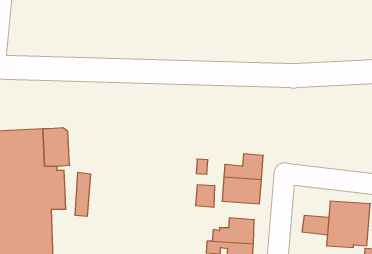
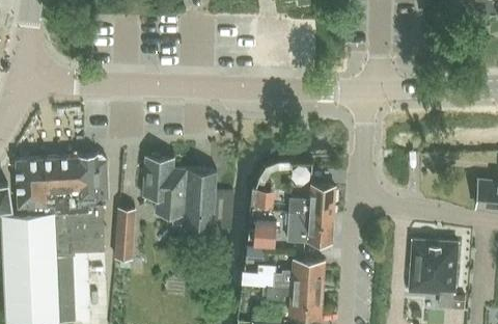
building: none -> [141,157,232,230]
building: [302,215,329,235] -> none

